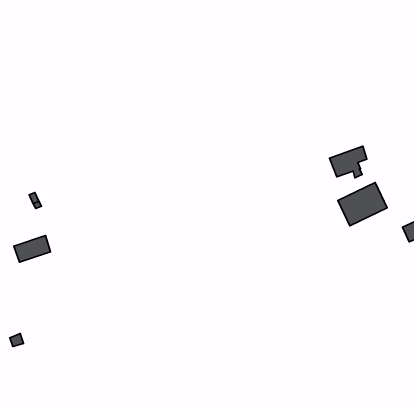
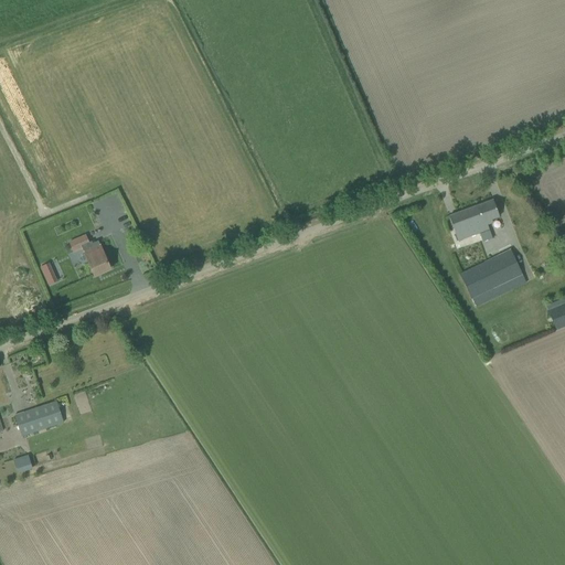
building: none -> [71,233,111,275]
building: [14,236,50,262] -> [14,399,64,436]

